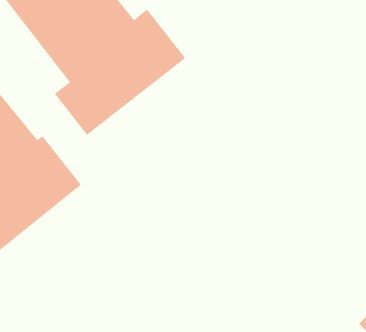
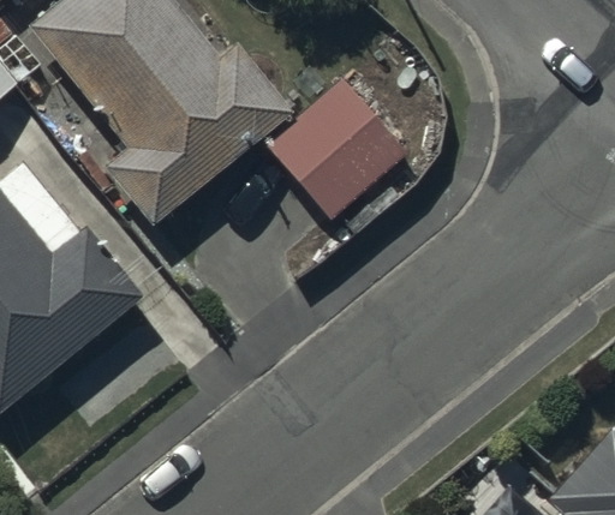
building: none -> [261,77,410,221]

